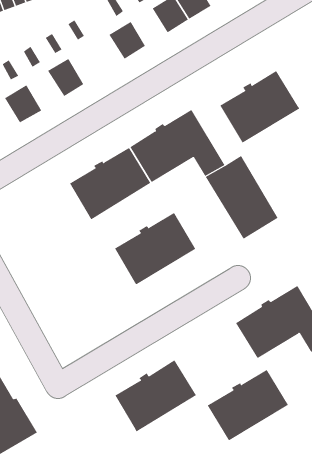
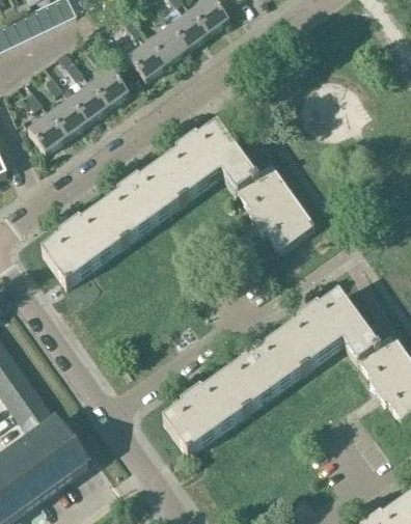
building: none -> [149,25,187,63]
building: none -> [89,66,129,107]
building: [219,70,300,143] -> none
building: none -> [49,96,87,137]
building: [114,212,196,285] -> [42,209,125,285]
building: [207,369,289,441] -> [221,336,304,412]

